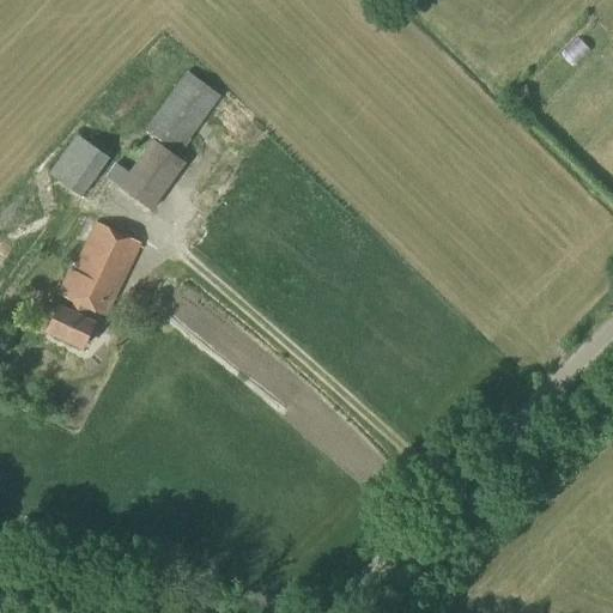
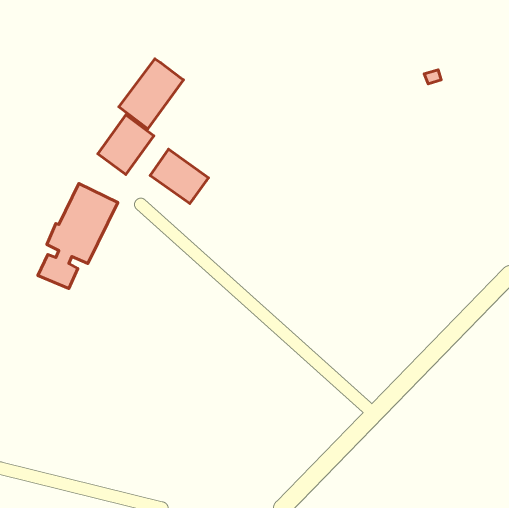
building: [49,134,109,196] -> none
building: none -> [150,149,208,204]

